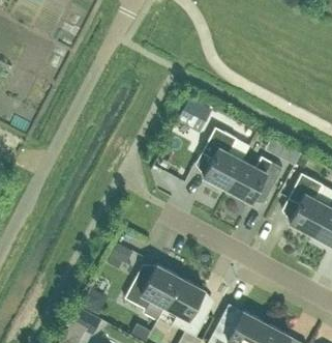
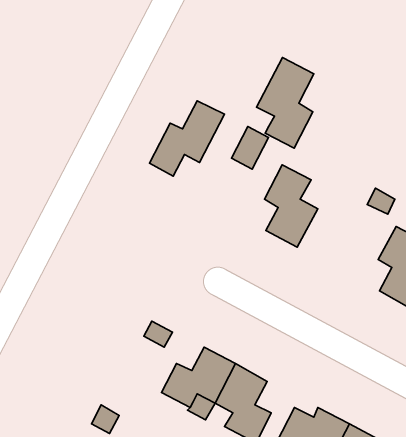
building: none -> [256,58,314,148]
building: none -> [149,101,224,176]
building: [228,156,283,202] -> none

